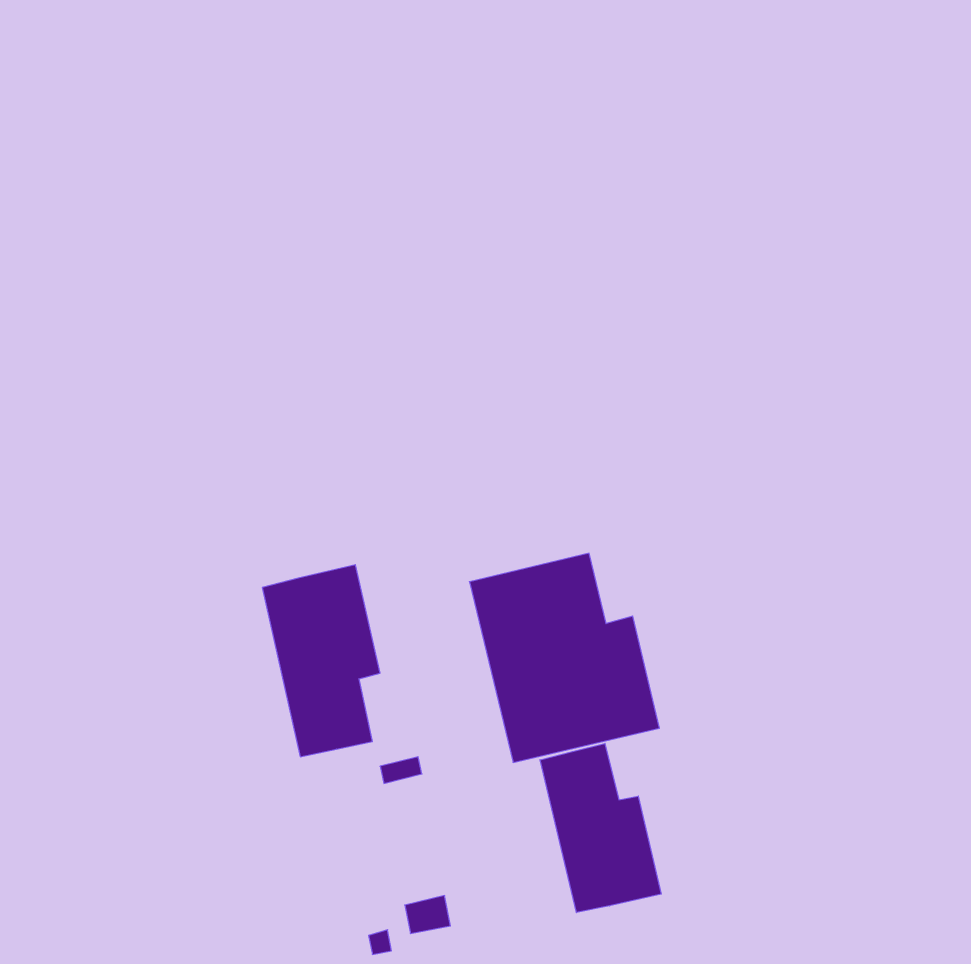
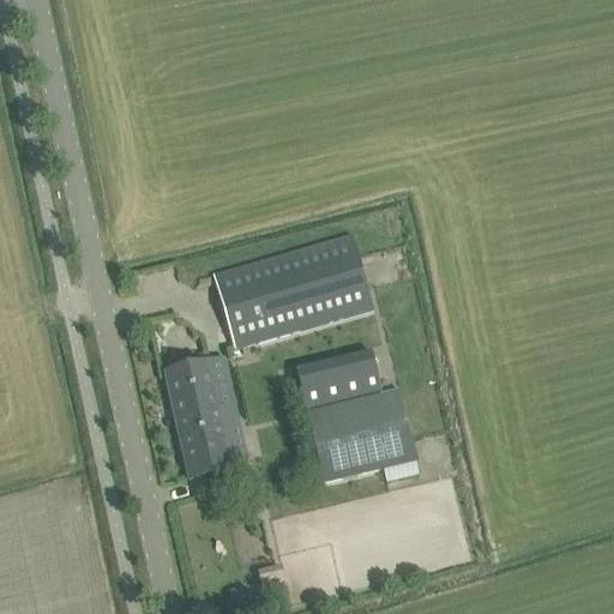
building: none -> [213,233,374,348]
building: [540,743,661,913] -> none

